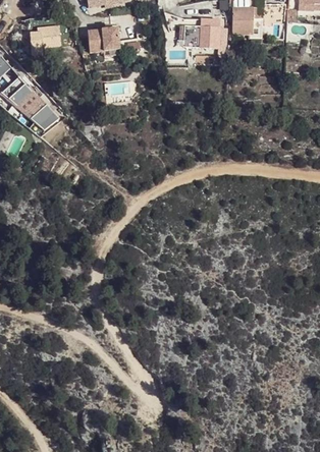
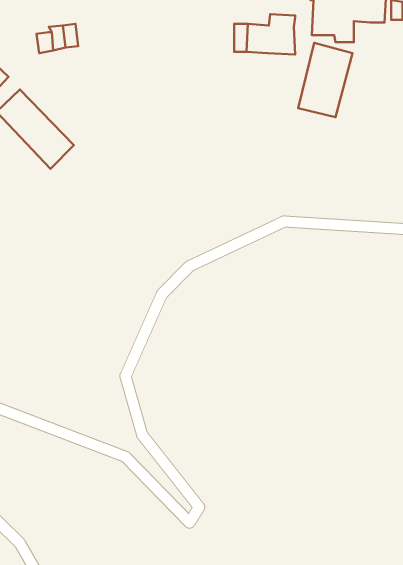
building: [89,29,121,55] -> none
building: none -> [298,43,352,117]

